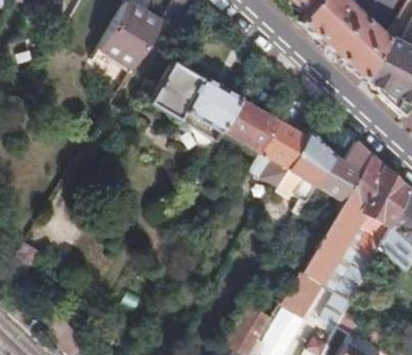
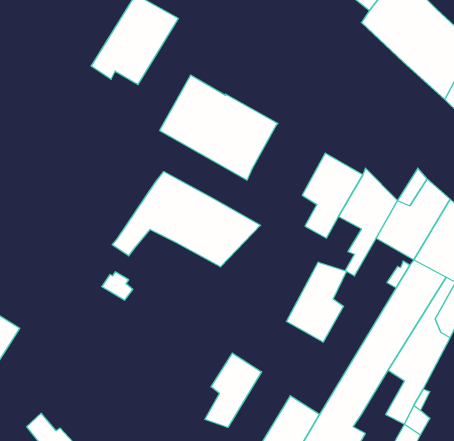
building: [222,99,277,152] -> none
building: none -> [112,172,261,267]
building: none -> [286,262,347,342]
building: none -> [205,353,262,427]

